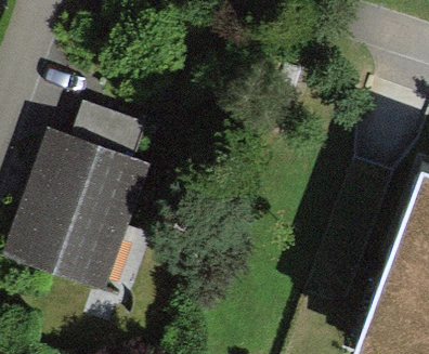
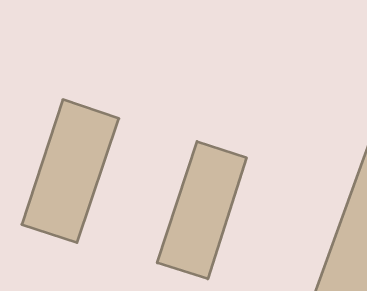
building: none -> [157,141,246,279]

